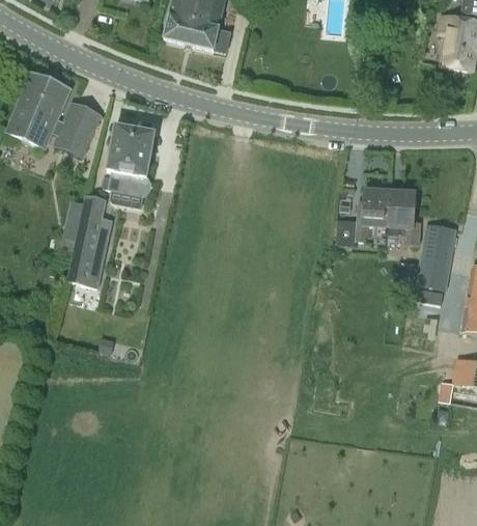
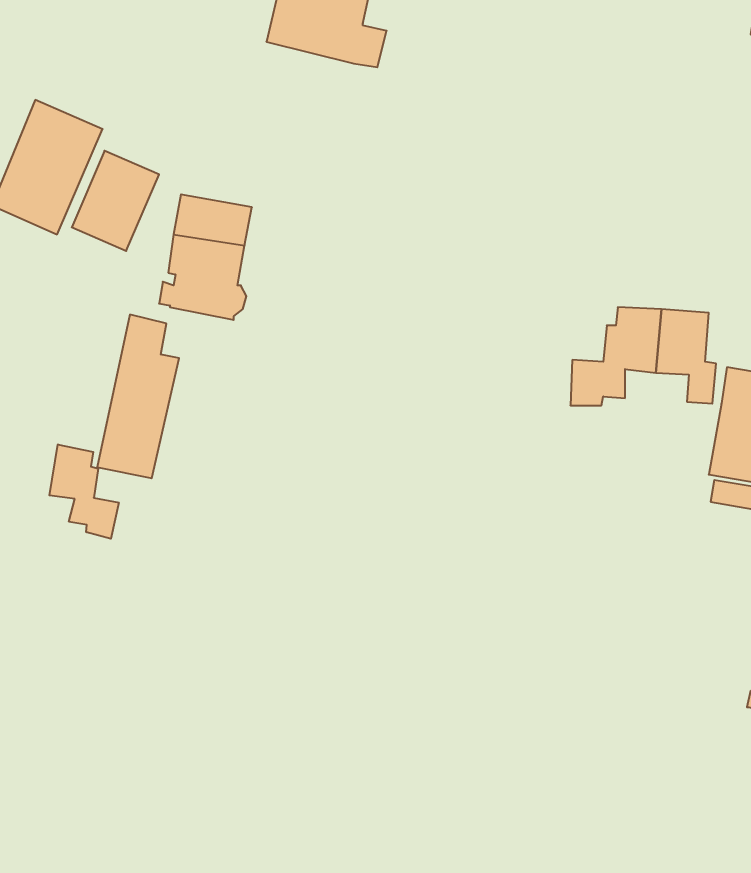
building: none -> [49,444,119,539]

